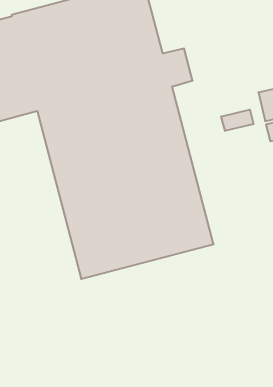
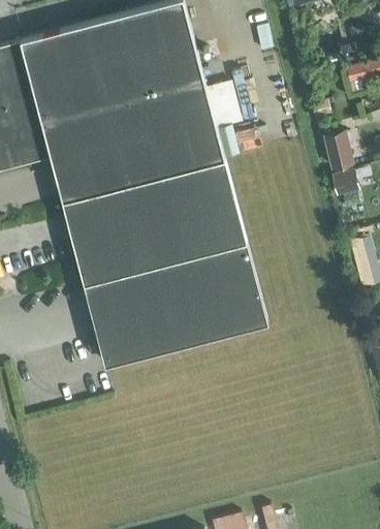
building: [221,110,254,131] -> none

